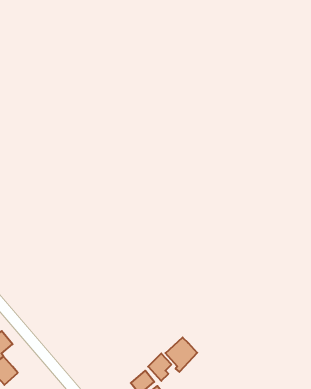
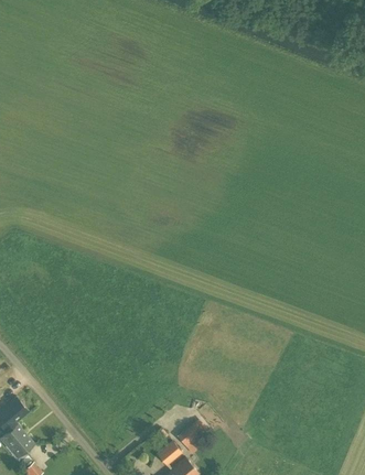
building: [165,337,197,372] -> none

